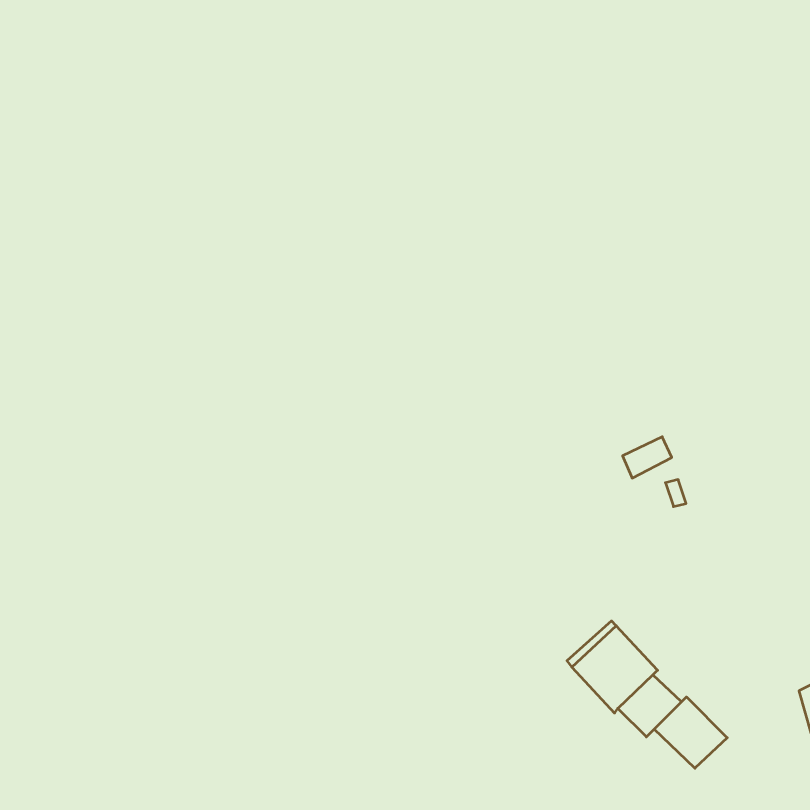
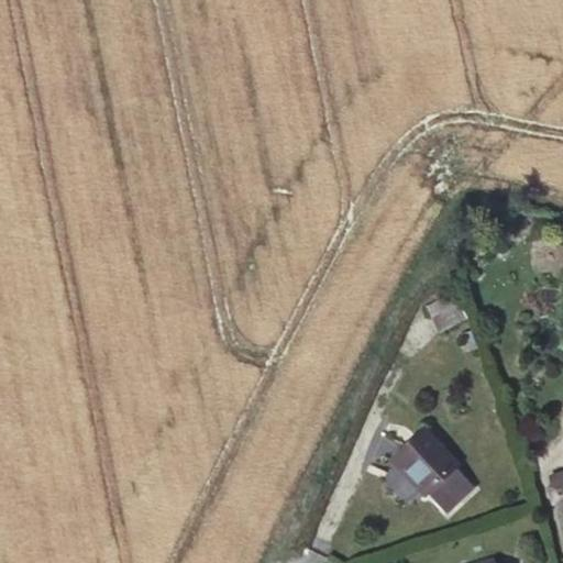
building: [654,697,727,768] -> none

